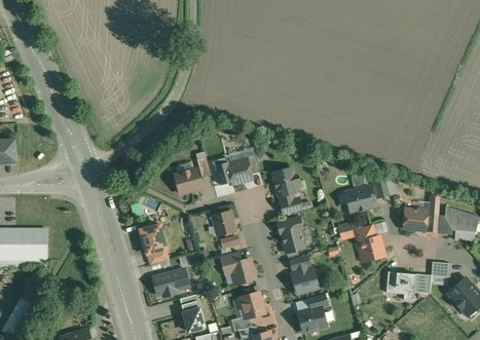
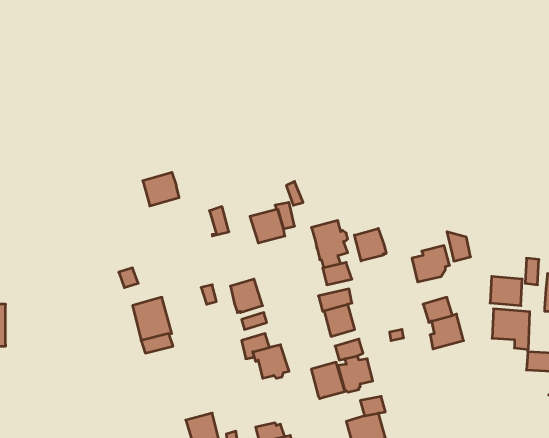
building: [175,168,201,193] -> [143,172,179,206]
building: none -> [354,228,386,261]
building: [150,268,190,300] -> none
building: [386,273,414,303] -> [492,309,530,349]
building: [241,292,265,318] -> [311,362,345,399]

